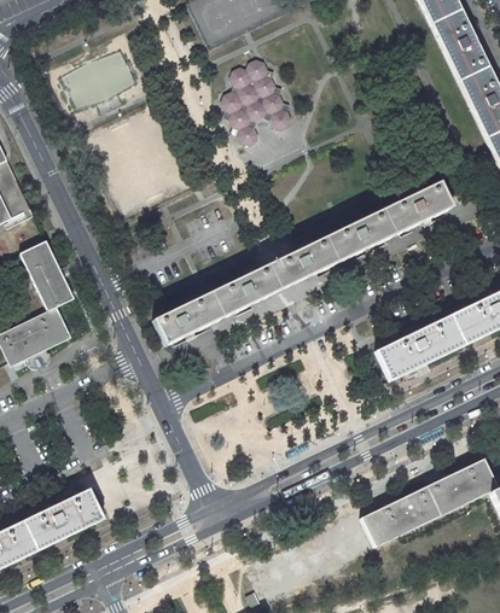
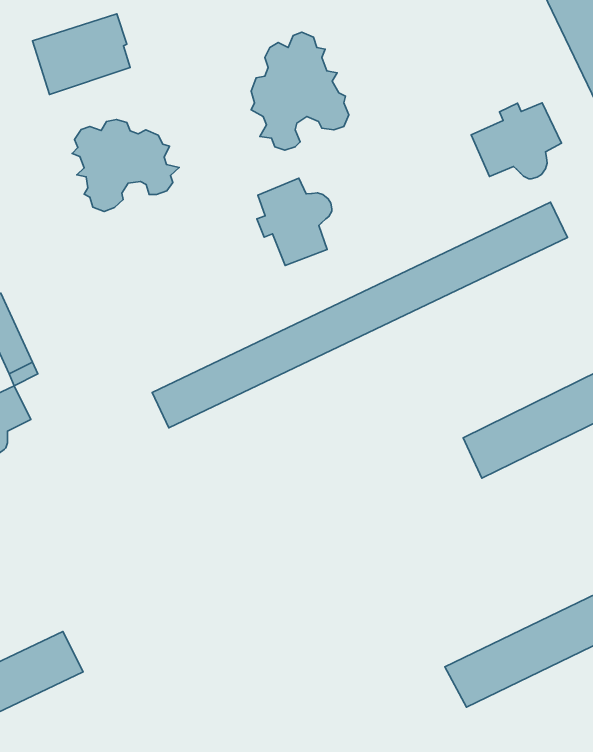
building: none -> [471,103,561,179]
building: none -> [72,120,179,211]
building: none -> [257,178,332,265]

